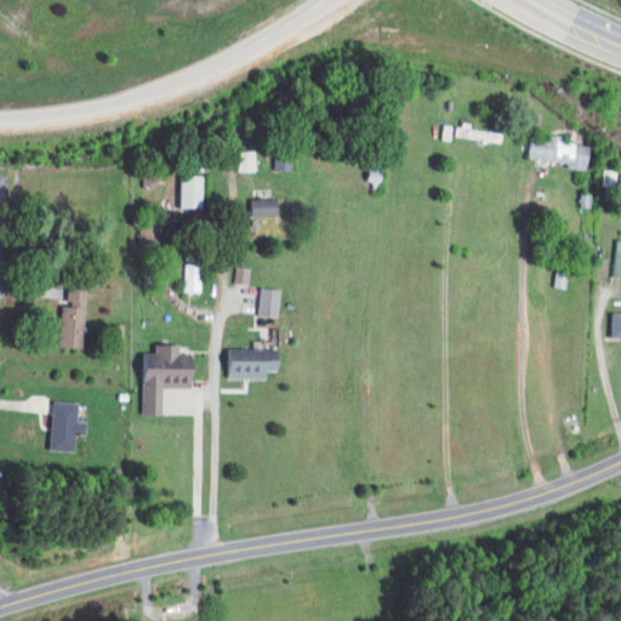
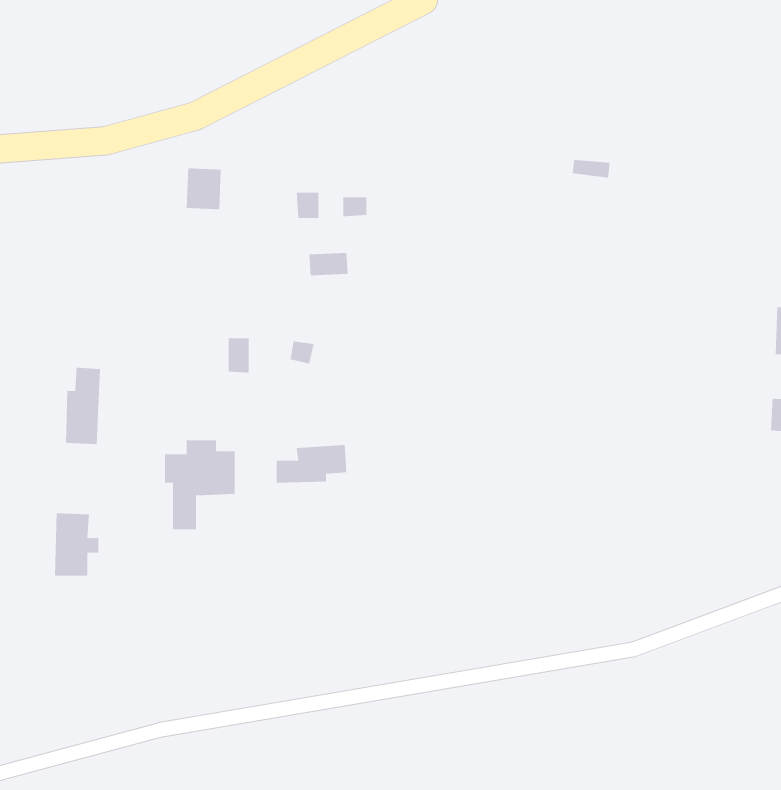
building: [528,136,589,167] -> none
building: [180,176,207,209] -> [186,168,222,210]
building: [260,289,281,318] -> none

